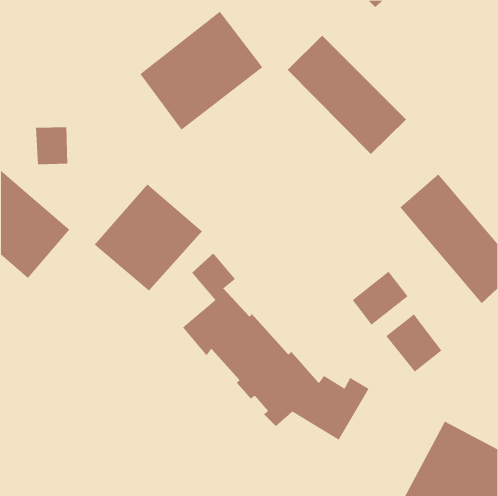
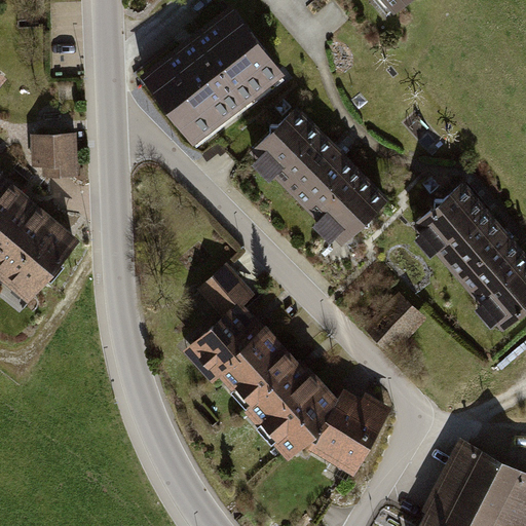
building: [287,35,407,155] -> [259,111,385,237]
building: [94,183,203,292] -> none
building: [385,314,442,373] -> none

